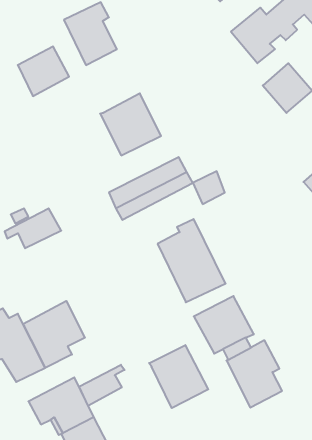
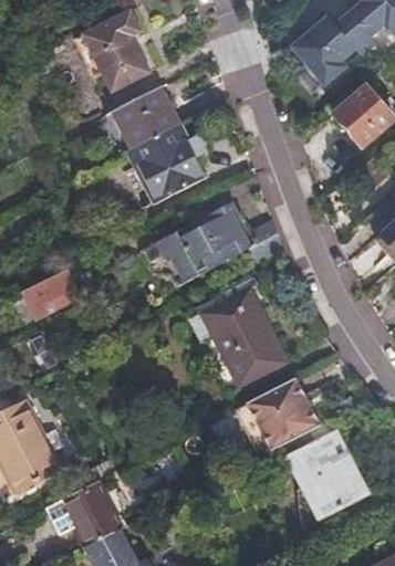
building: [18,46,69,96] -> [114,86,178,148]
building: [23,301,85,368] -> none
building: [149,345,208,408] -> none
building: [79,365,125,406] -> none

